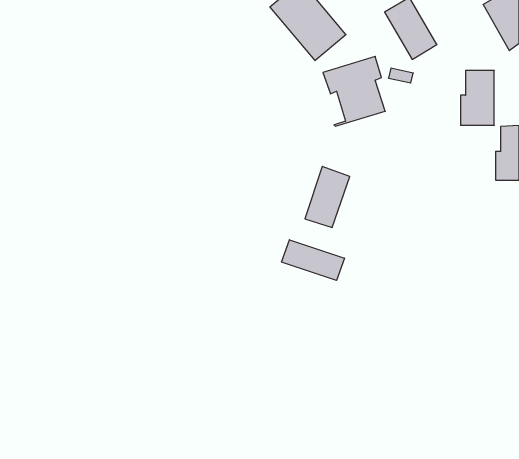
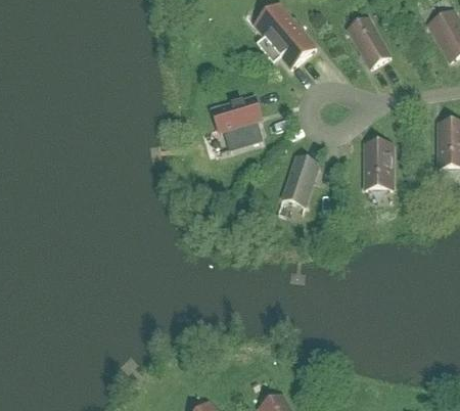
building: [323,56,385,126] -> [212,94,263,151]
building: [461,70,494,125] -> [365,141,393,186]
building: [281,240,344,280] -> none

